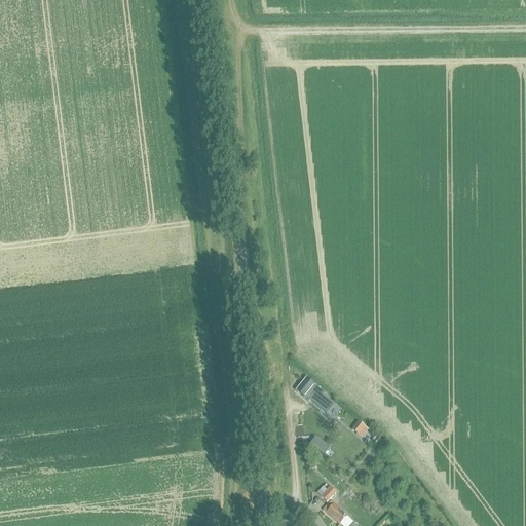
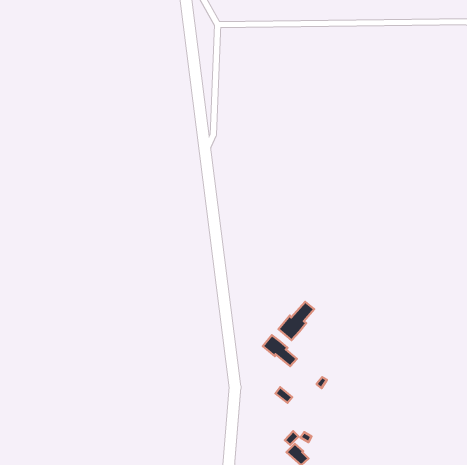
building: none -> [278,302,314,340]

